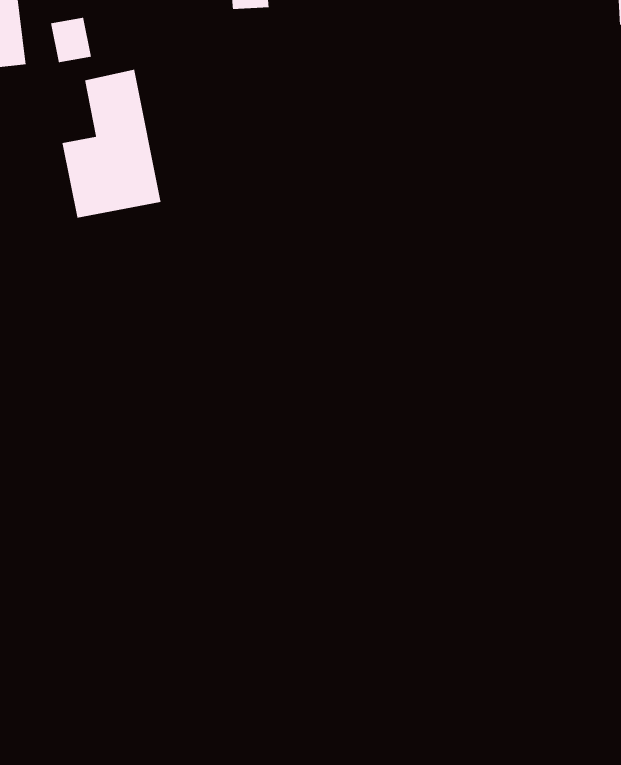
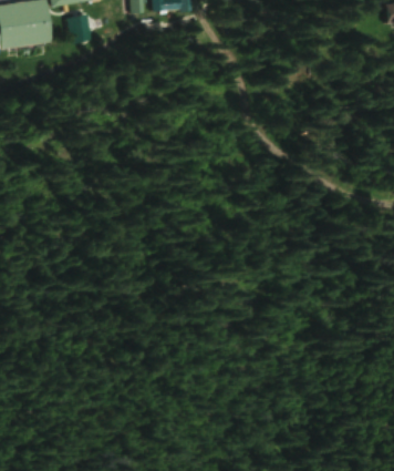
building: [62,69,161,218] -> none

